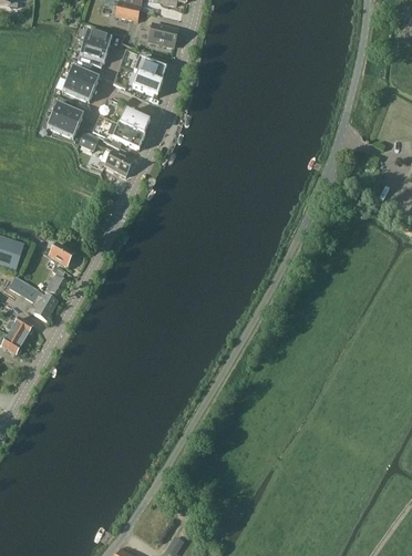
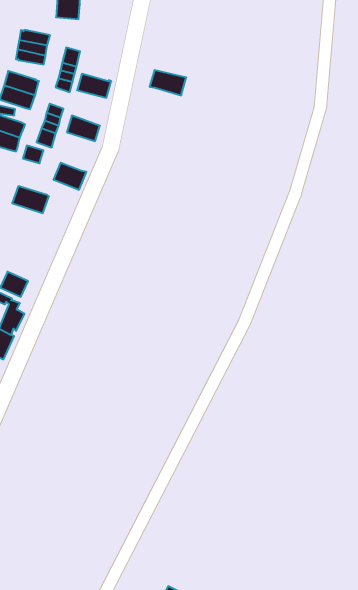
building: [147,23,176,47] -> none
building: [132,58,165,82] -> [150,70,186,95]
building: [111,124,144,150] -> [12,186,49,213]

